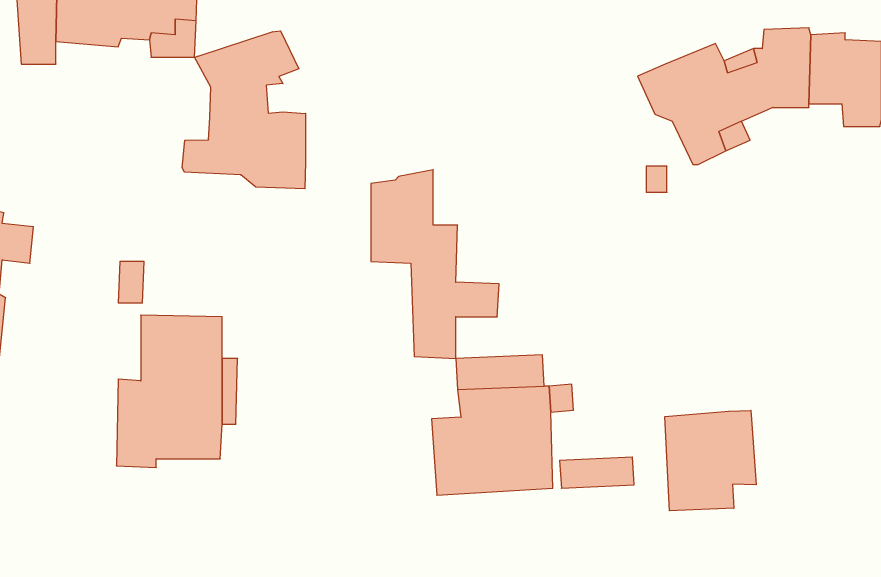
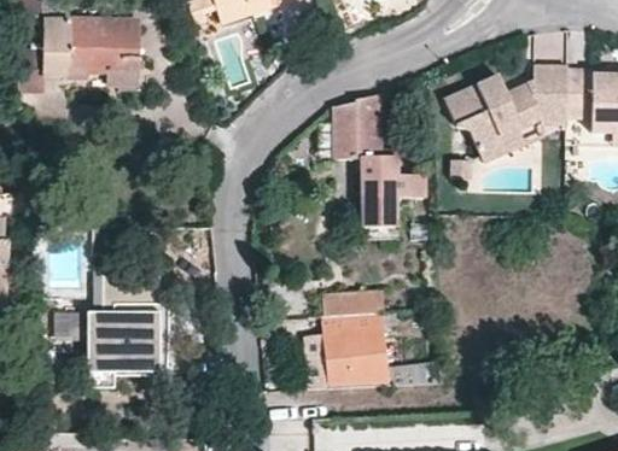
building: [182,31,306,189] -> none
building: [371,170,499,358] -> [334,95,424,227]
building: [665,410,756,511] -> none

